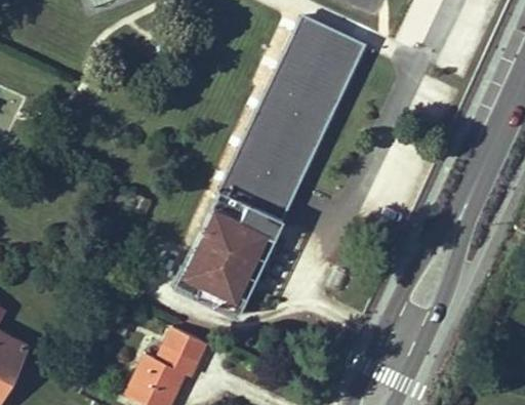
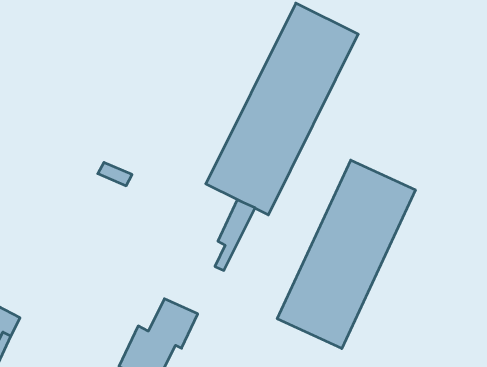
building: none -> [277,160,415,349]
building: [181,208,244,292] -> none

